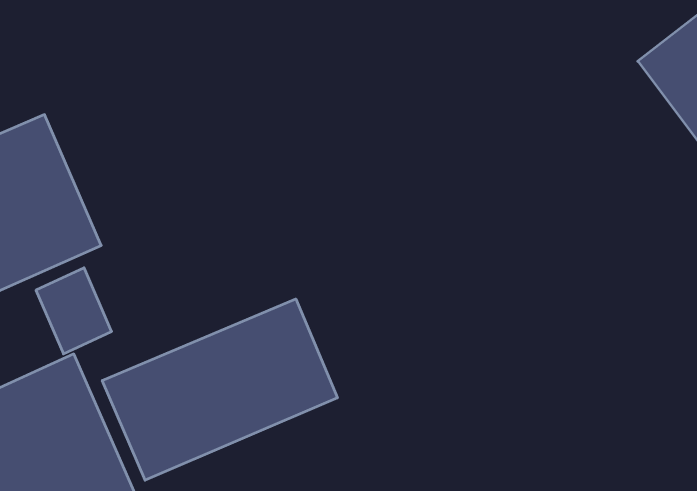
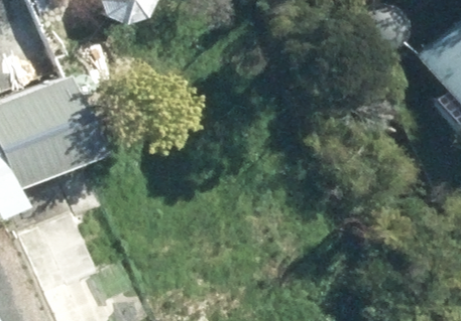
building: [102,299,337,480] -> none

